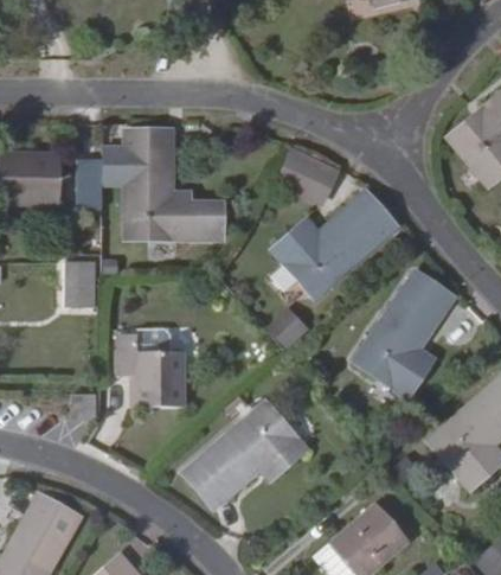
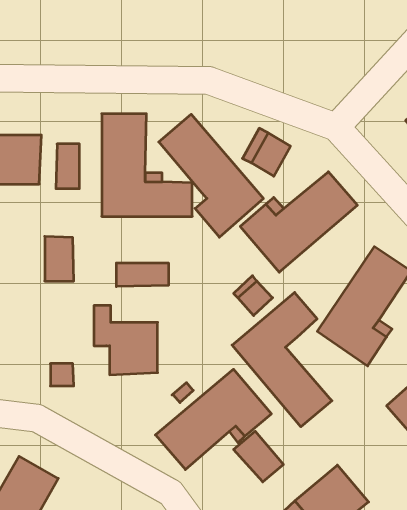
building: none -> [159,114,263,237]
building: none -> [116,263,168,287]
building: none -> [232,292,332,427]
building: none -> [234,431,283,482]

